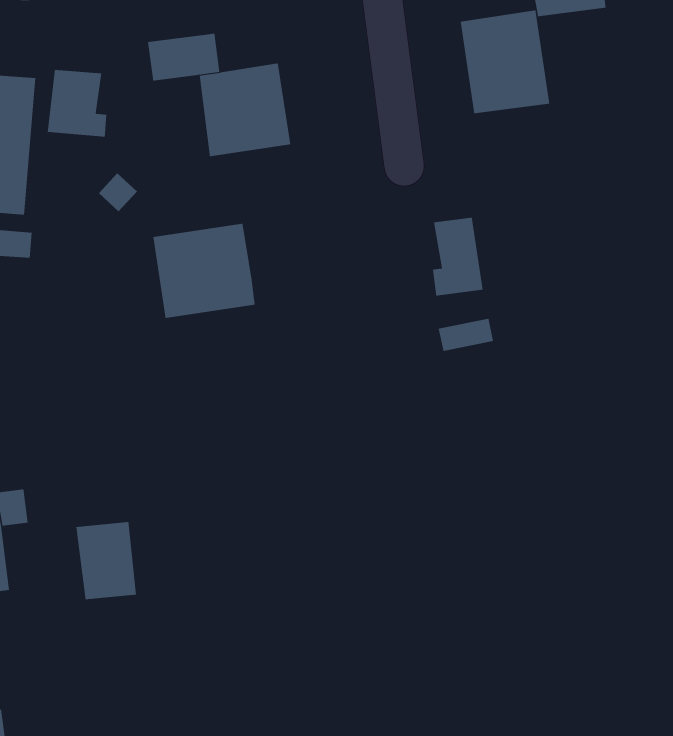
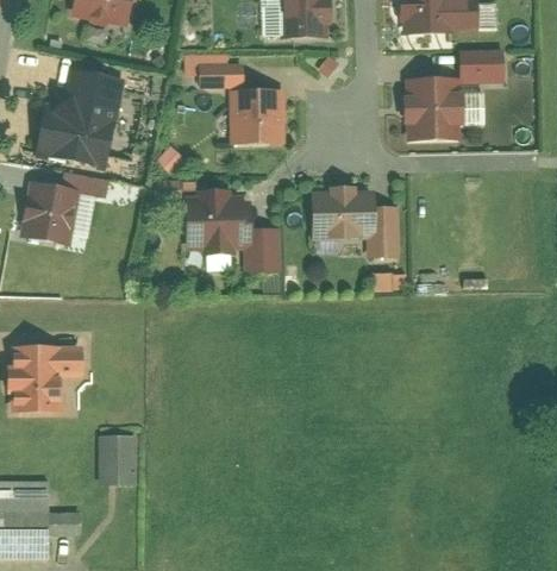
building: [47,69,107,137] -> none
building: none -> [313,186,374,238]
building: none -> [249,227,283,269]
building: [76,522,137,600] -> [101,433,137,483]

